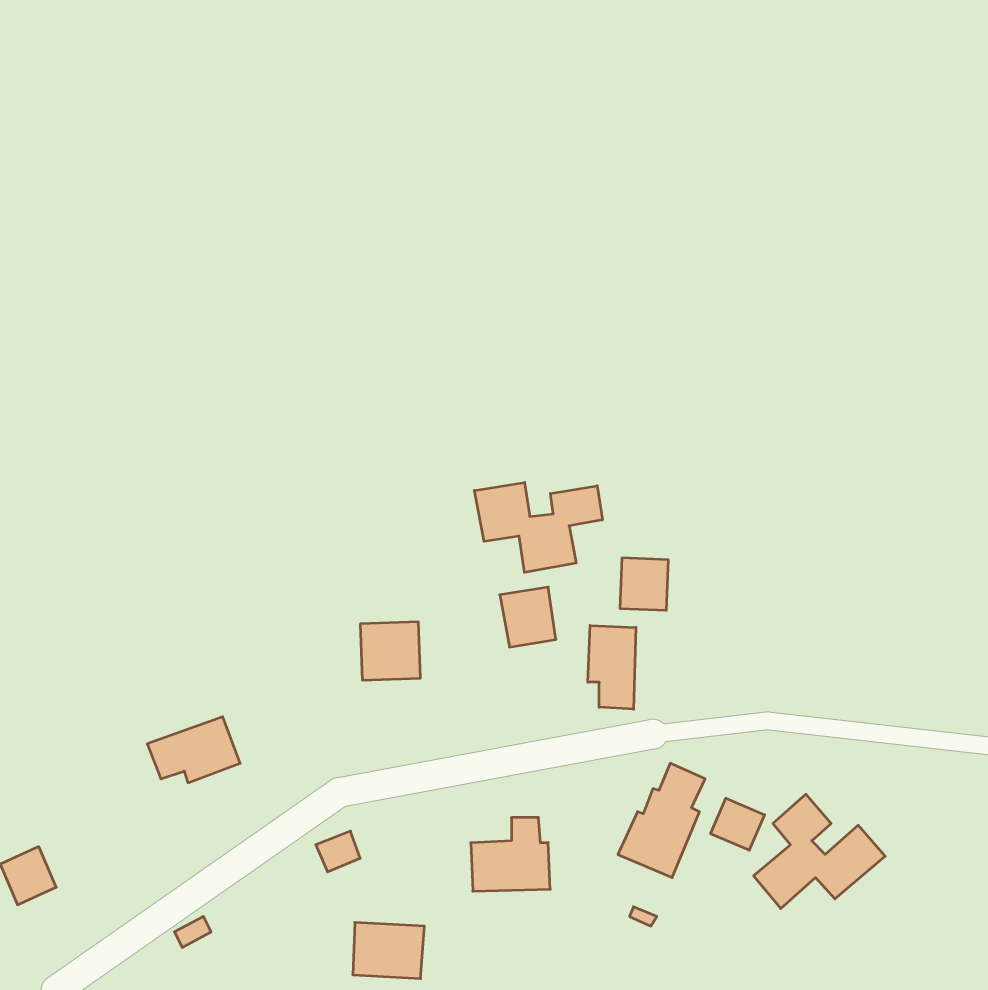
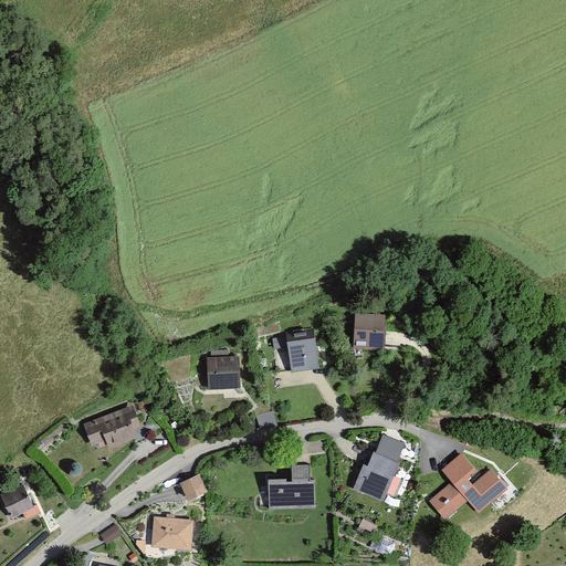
building: [474,482,602,572] -> none
building: [588,625,636,709] -> none
building: [711,798,765,850] -> none
building: [353,922,424,979] -> [151,516,192,548]

